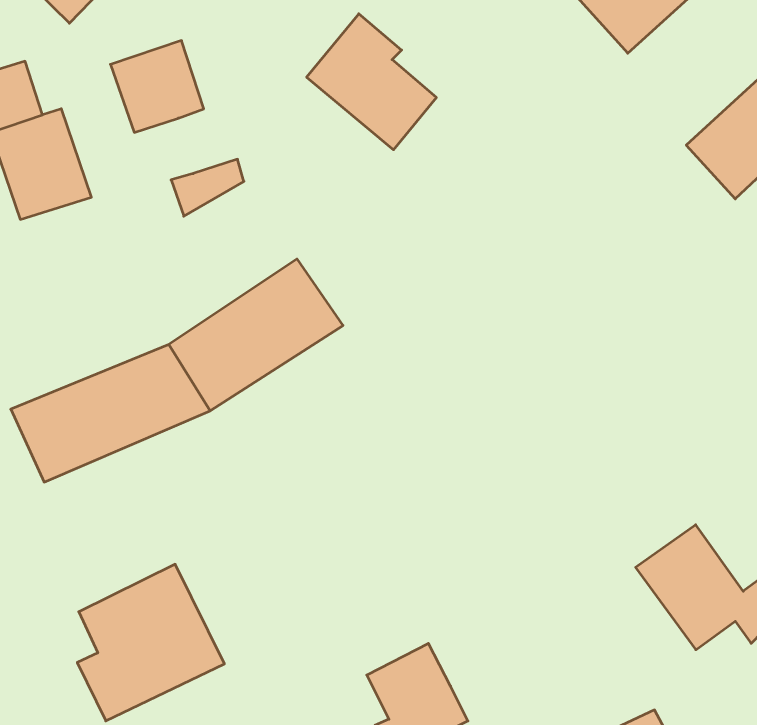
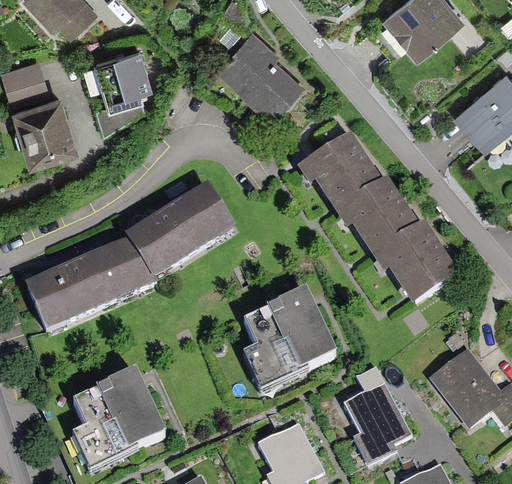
building: [171,159,244,216] -> [94,94,140,130]
building: none -> [302,134,462,301]
building: none -> [231,296,324,395]
building: none -> [342,387,406,468]

